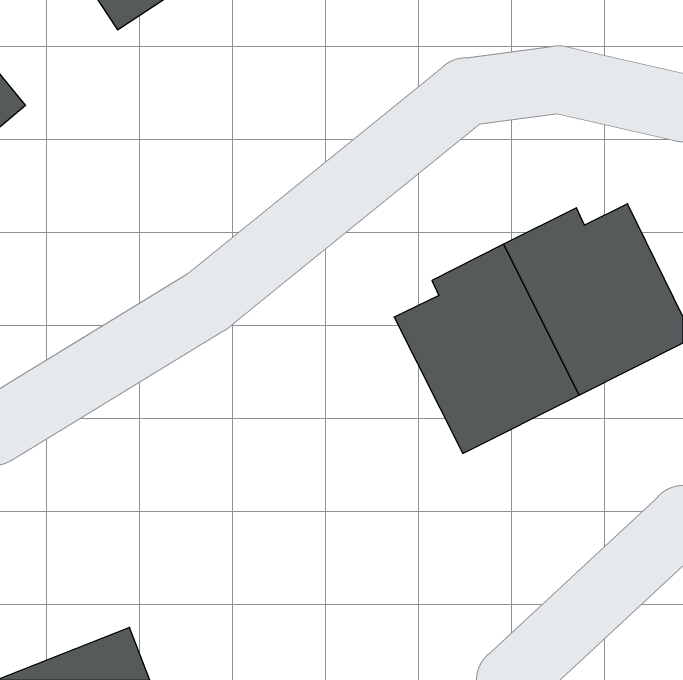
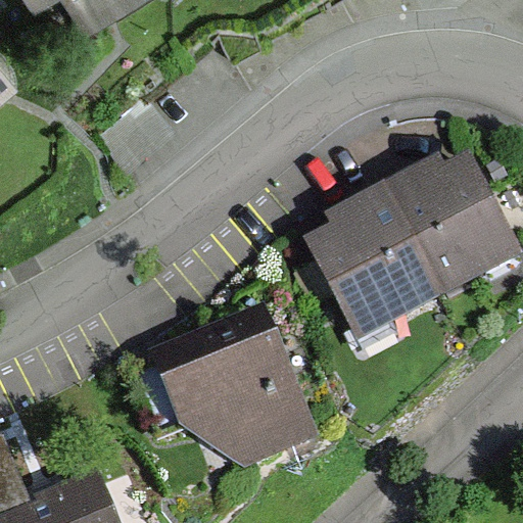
building: none -> [153,308,311,461]

